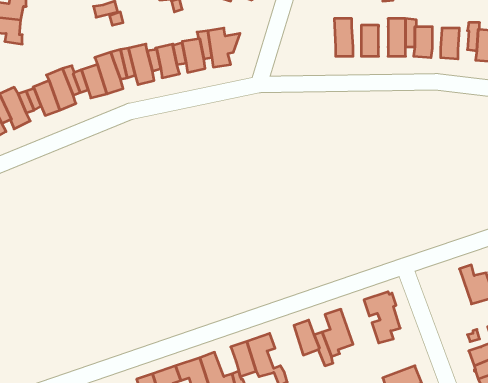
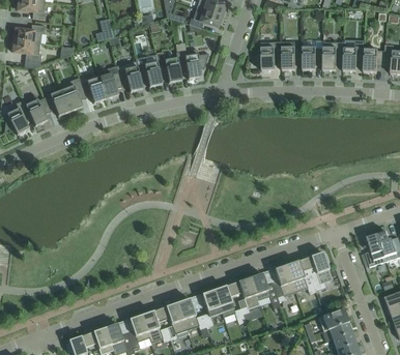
building: none -> [253,40,275,69]
building: none -> [365,233,387,266]
building: none -> [286,257,315,292]
building: none -> [231,276,259,313]

